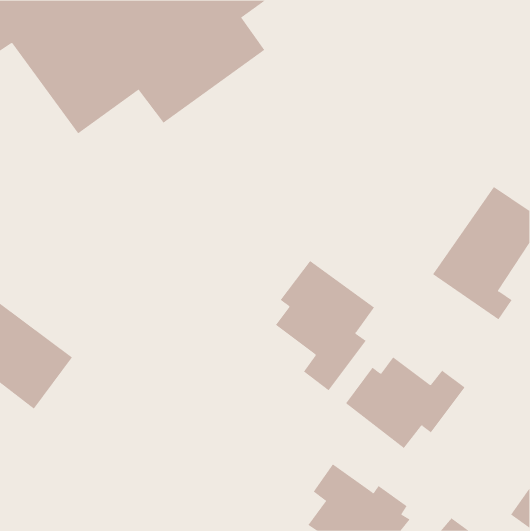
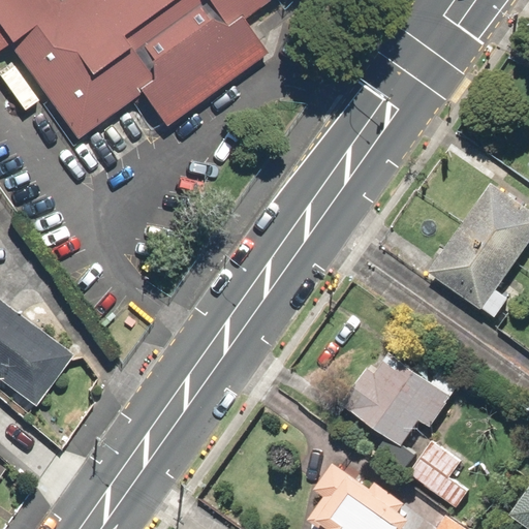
building: [275,260,375,391] -> none
building: none -> [407,439,467,505]

